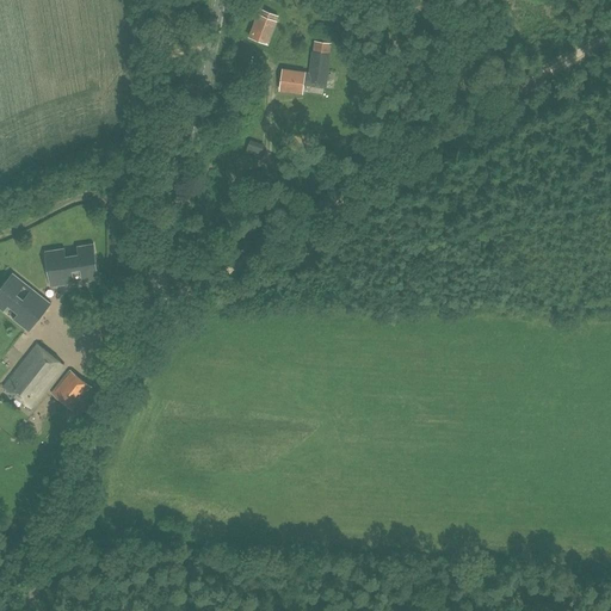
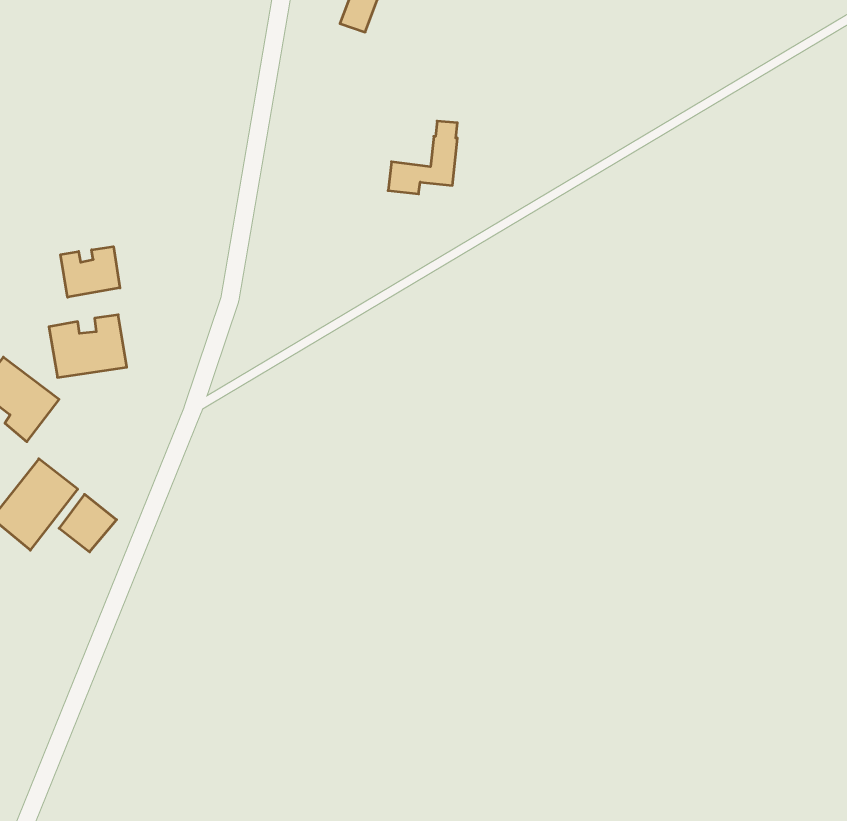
building: [278,42,327,93] -> [388,121,457,194]
building: none -> [61,247,120,297]

